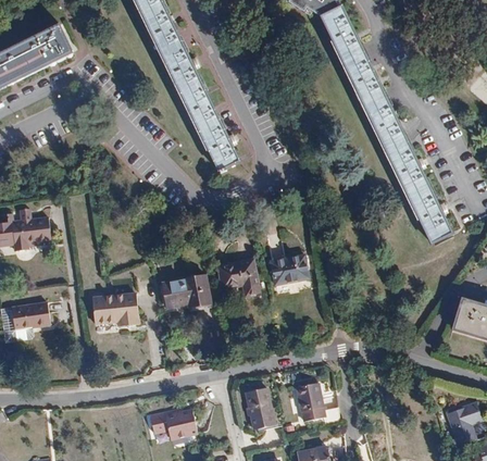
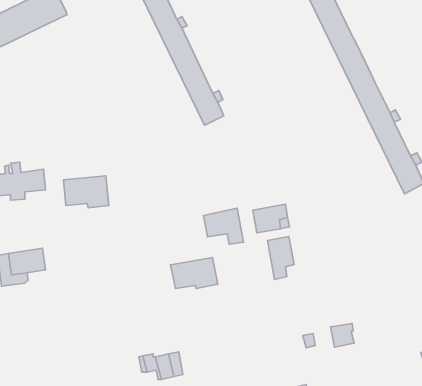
building: [161,275,211,308] -> [170,258,218,288]
building: none -> [267,236,294,279]
building: [91,292,139,326] -> [64,176,109,208]
building: [296,387,321,412] -> [331,324,354,347]
building: [245,388,274,428] -> none

